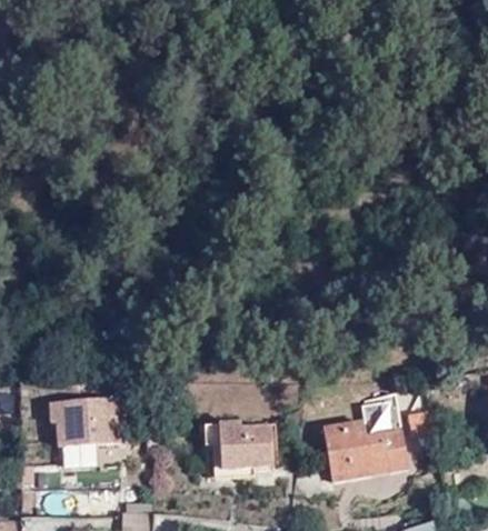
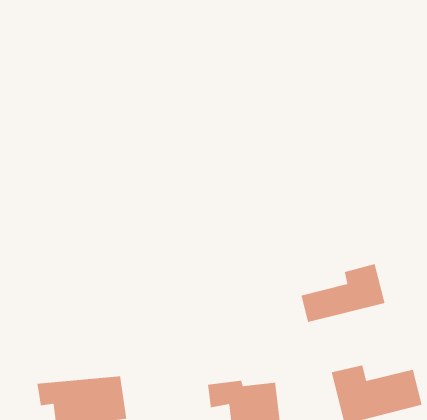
building: none -> [300,263,385,323]
building: [359,397,395,431] -> none

